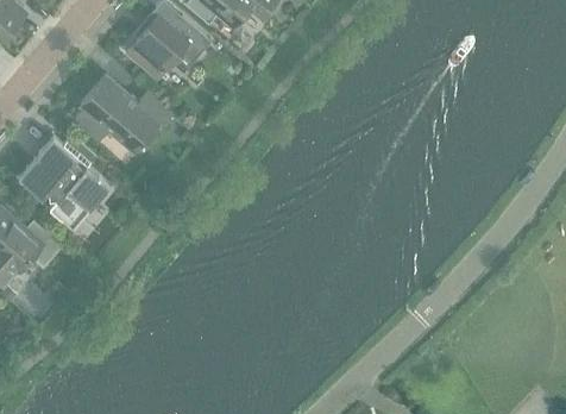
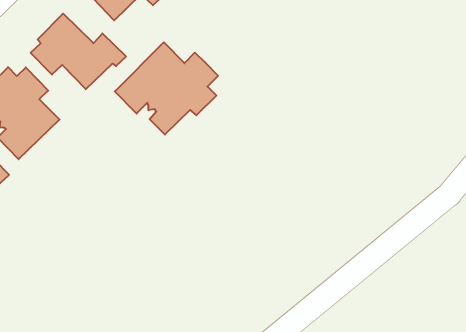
building: none -> [115,42,218,135]

